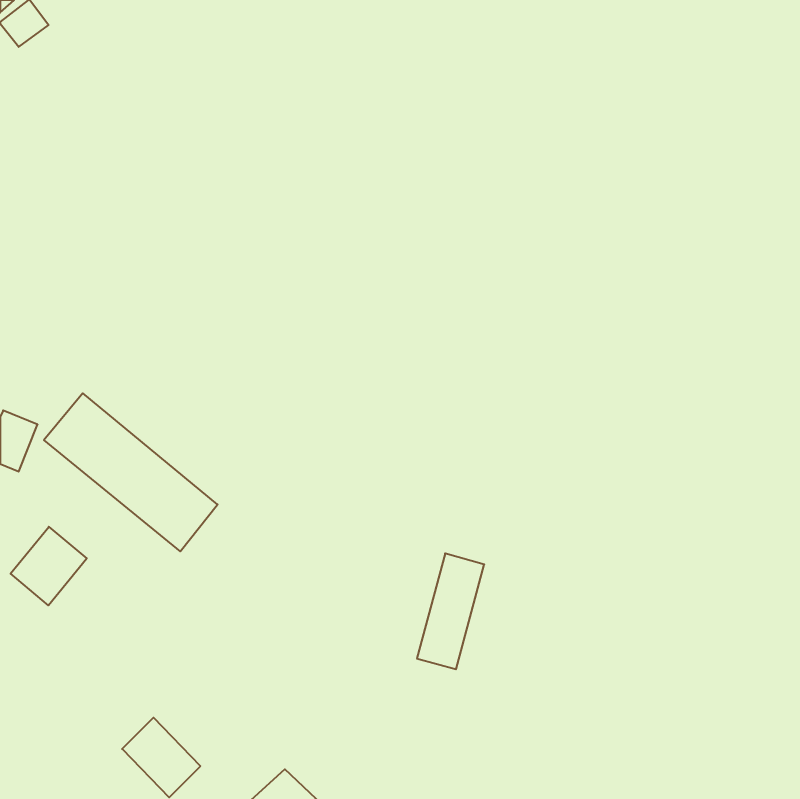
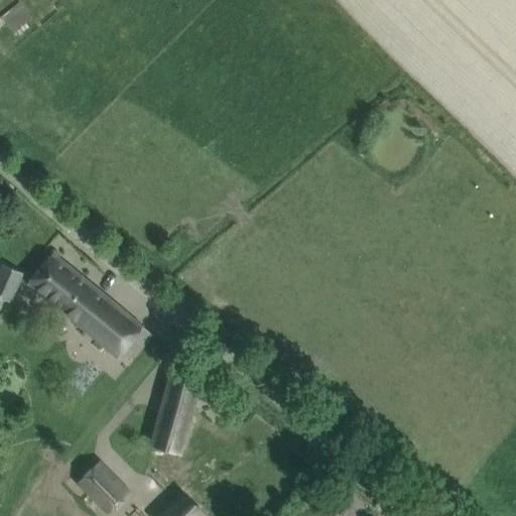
building: [11,527,87,605] -> none
building: [417,553,484,669] -> [153,377,197,452]

